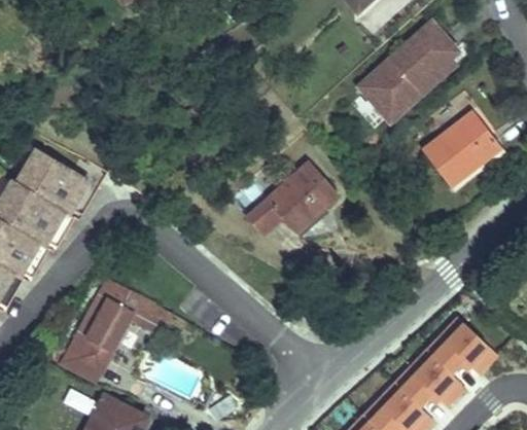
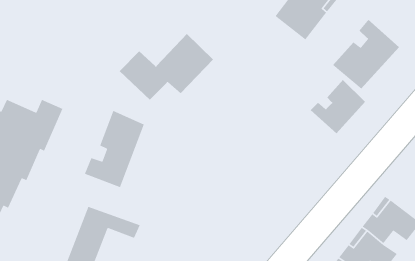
building: [226,159,340,234] -> [119,33,214,101]
building: none -> [310,79,366,134]
building: none -> [84,110,145,188]

